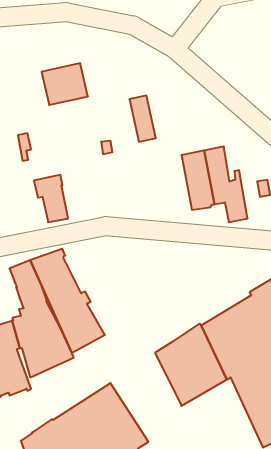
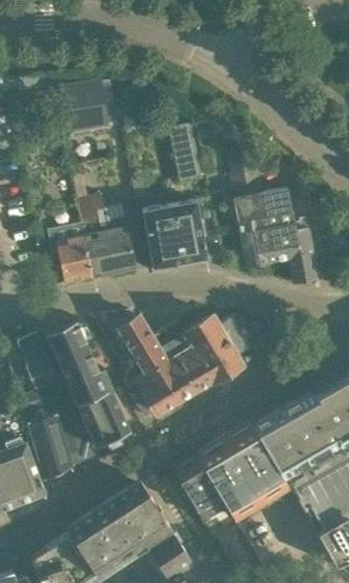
building: none -> [76,194,135,279]
building: none -> [142,200,206,269]
building: none -> [93,311,251,416]
building: none -> [179,448,229,517]

